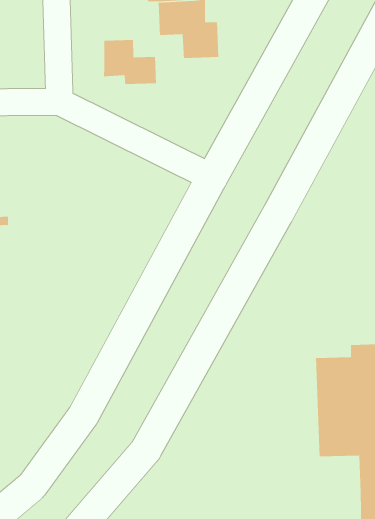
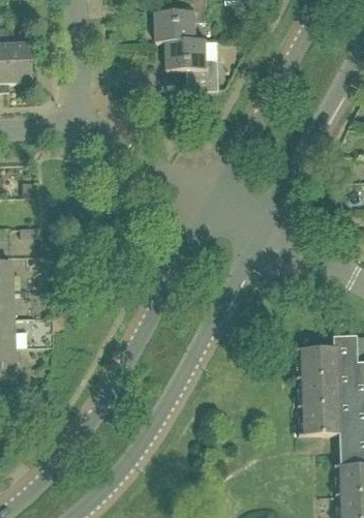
building: [103,39,157,85] -> none

